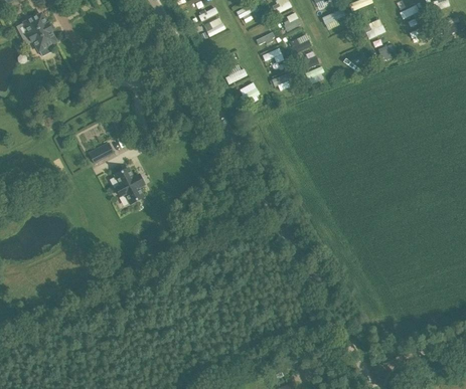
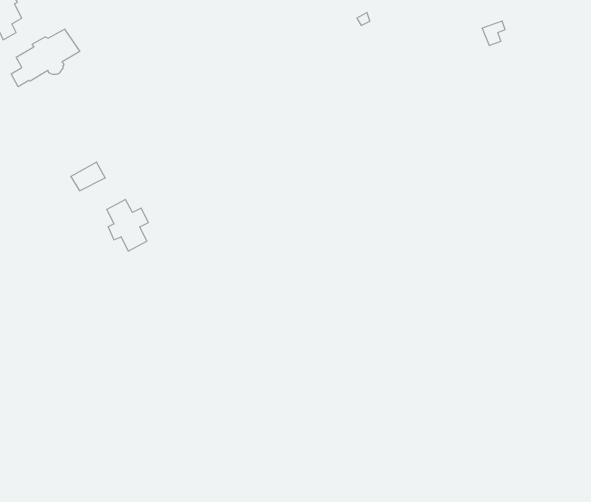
building: none -> [11,29,80,87]

